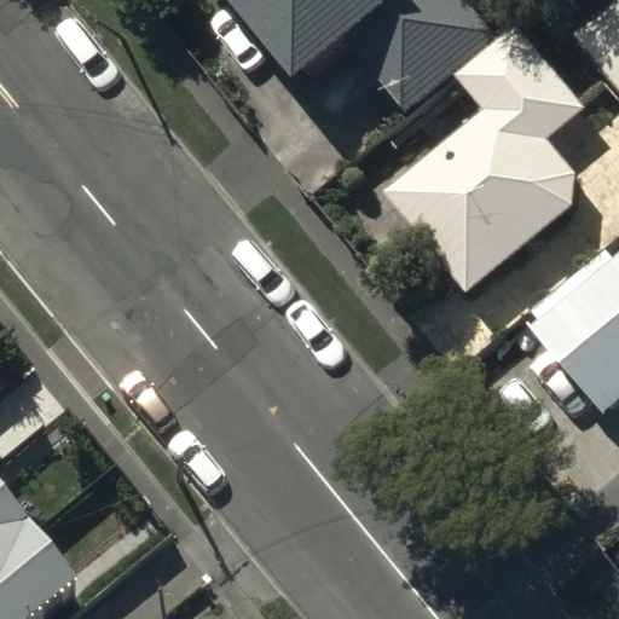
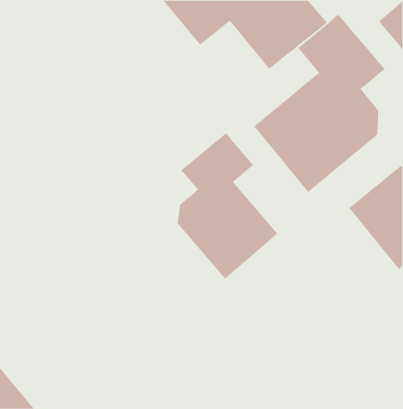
building: none -> [177,132,278,280]

